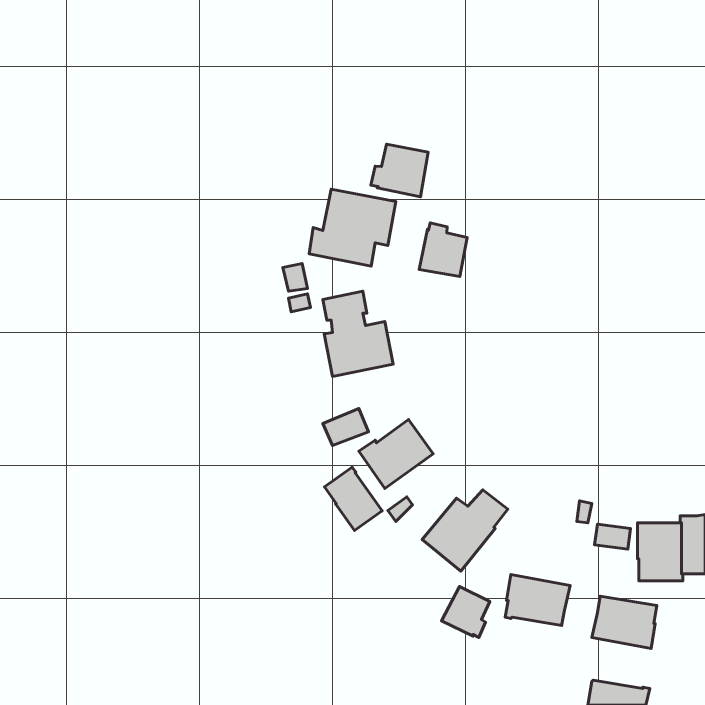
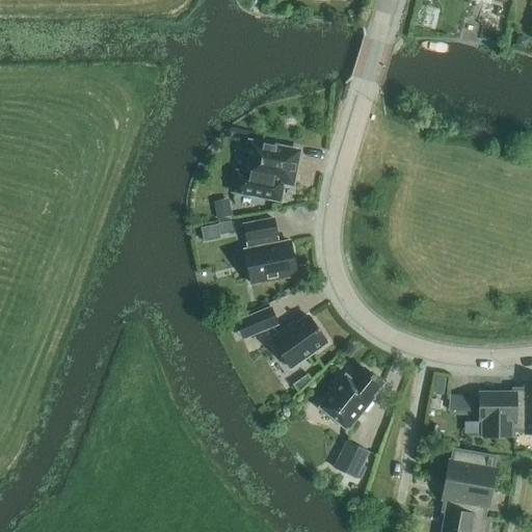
building: [371,144,428,197] -> none
building: [419,223,467,277] -> none
building: [325,467,382,531] -> none
building: [505,574,570,625] -> [442,480,490,518]

